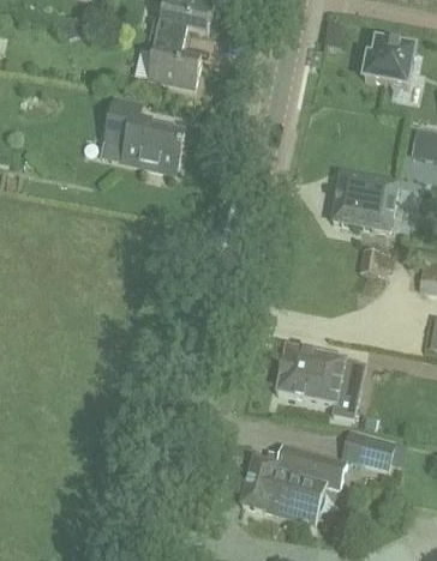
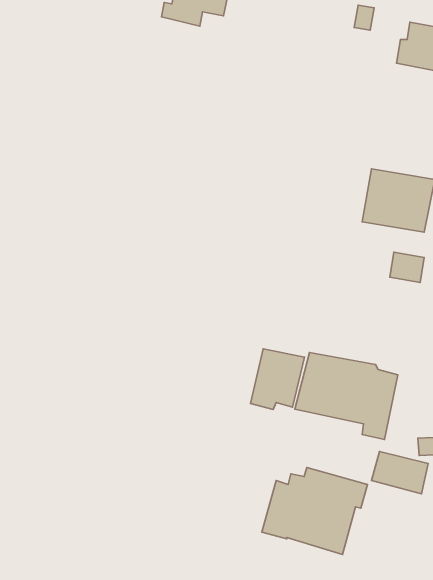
building: [146,36,200,91] -> none
building: [104,99,184,175] -> none
building: none -> [250,349,305,410]

